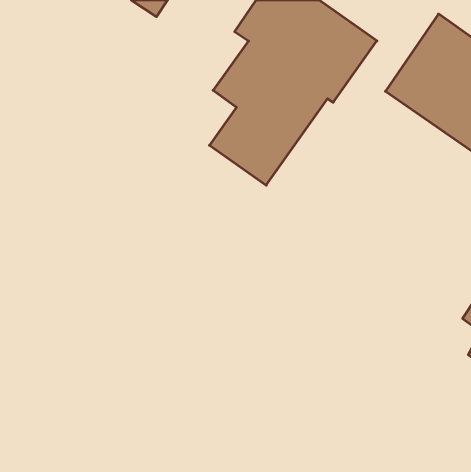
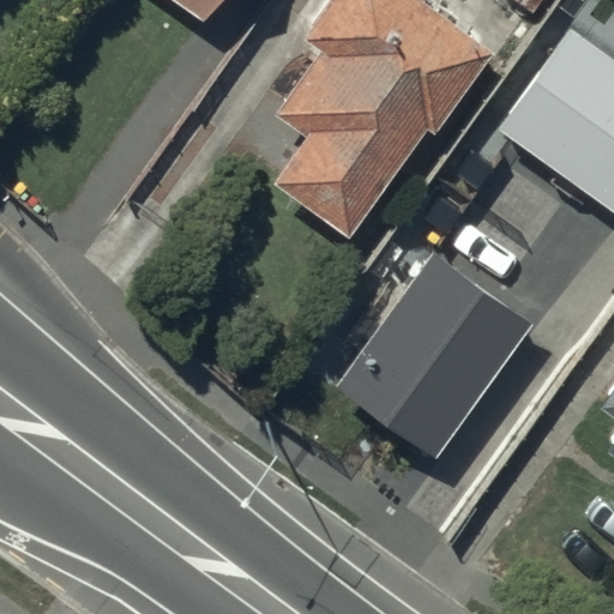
building: none -> [344,242,530,435]

